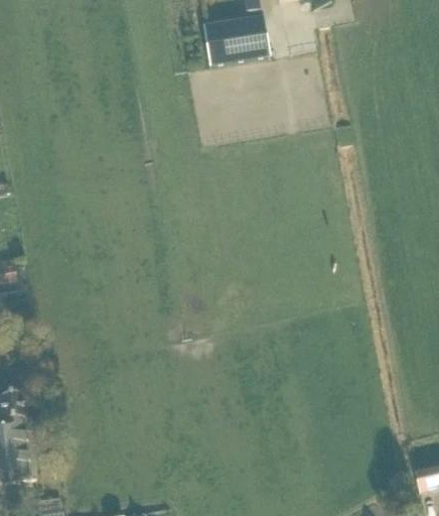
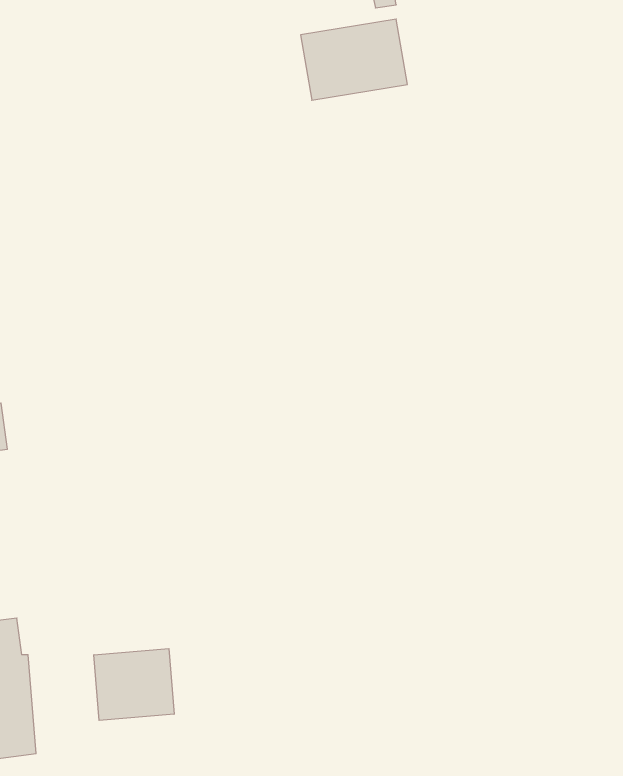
building: none -> [94,649,174,720]

